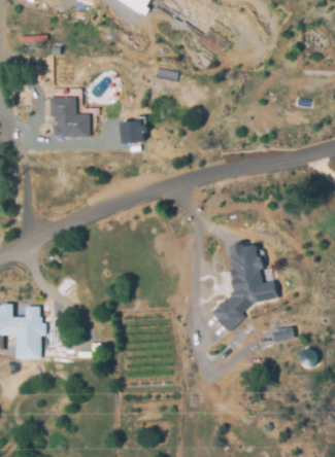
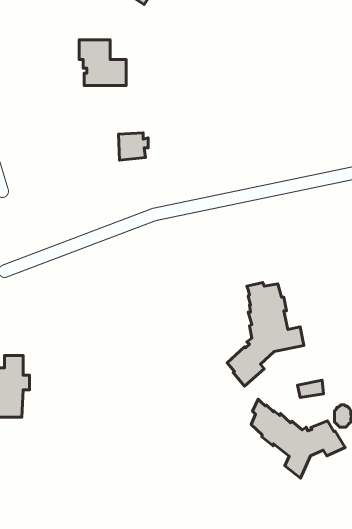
building: [48,98,88,136] -> [79,40,126,85]
building: none -> [251,399,345,478]

